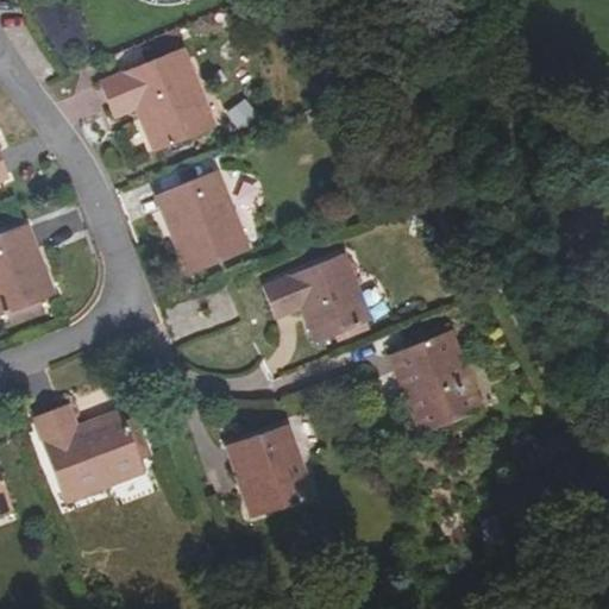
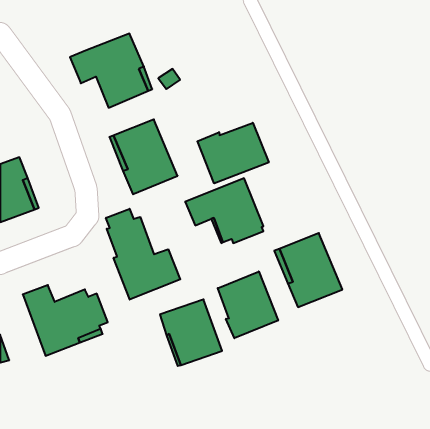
building: none -> [197,123,269,183]
building: none -> [106,209,180,300]
building: none -> [218,271,278,338]

